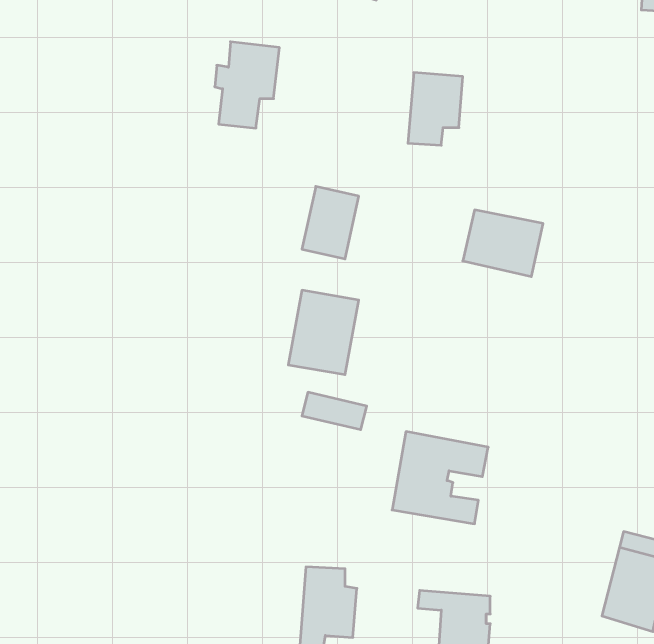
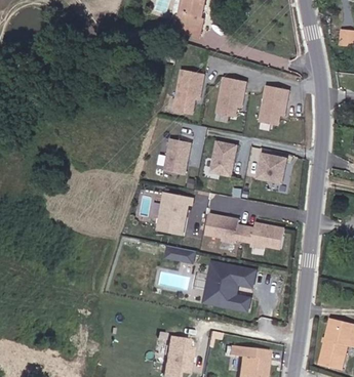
building: [215,42,279,128] -> [172,69,206,114]
building: none -> [261,85,290,124]
building: none -> [210,140,236,175]
building: none -> [205,211,284,250]

